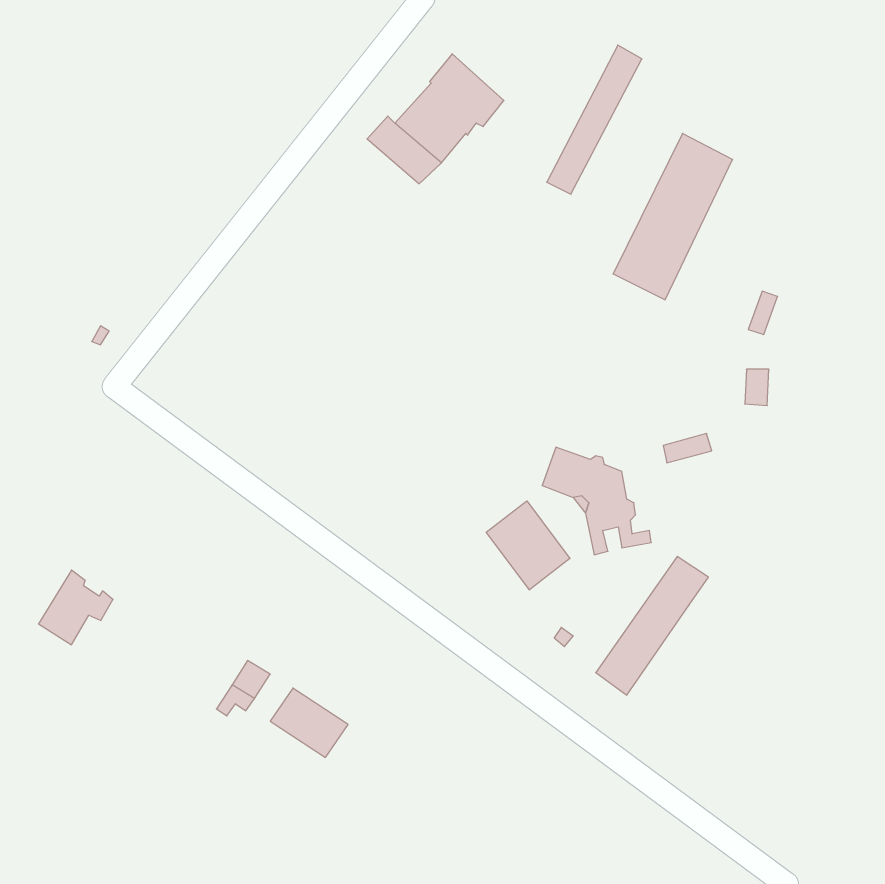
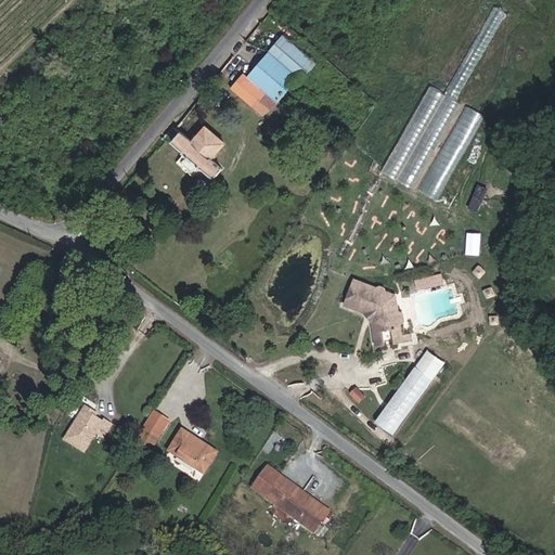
building: [547,45,642,194] -> [422,104,481,197]
building: none -> [171,125,225,179]
building: [486,501,570,590] -> none
building: [38,570,113,645] -> [66,404,113,451]
building: none -> [253,473,330,532]

